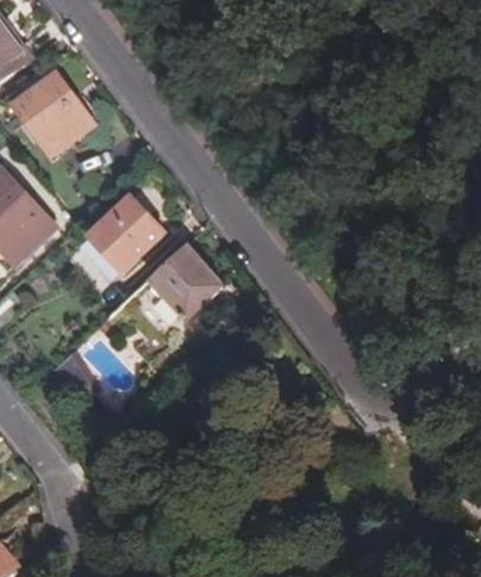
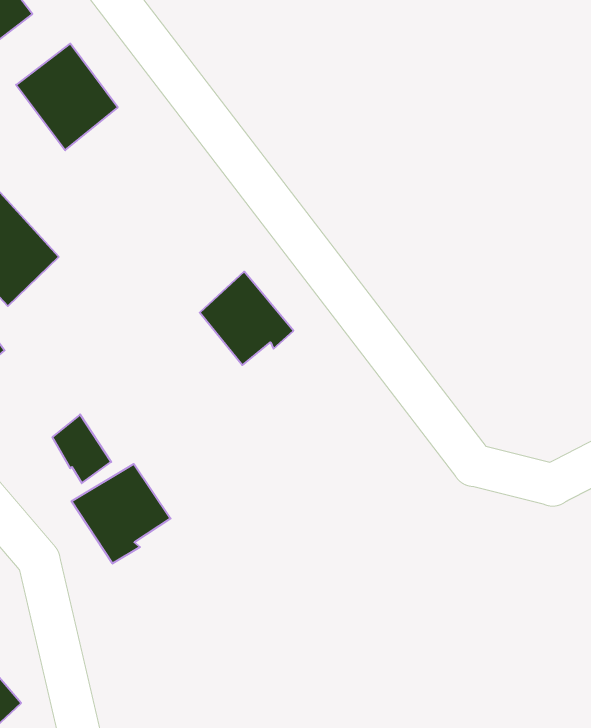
building: [85,192,160,269] -> none
building: none -> [72,464,171,564]

